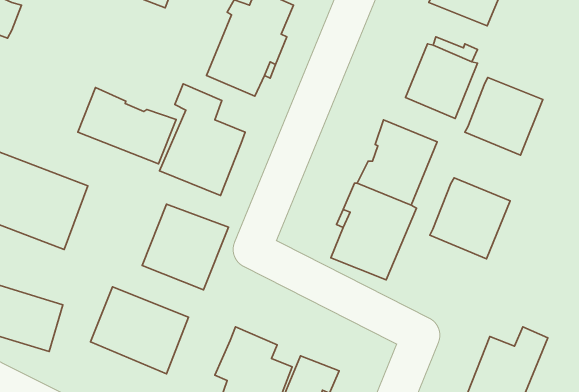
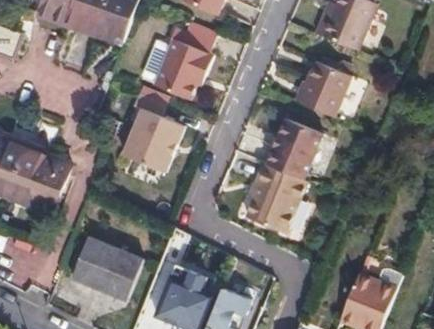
building: [465,78,543,155] -> none
building: [78,88,176,164] -> none
building: [430,178,510,259] -> none
building: [142,204,229,290] -> none

